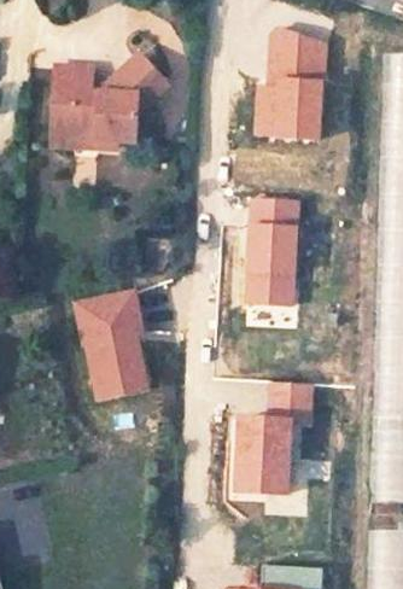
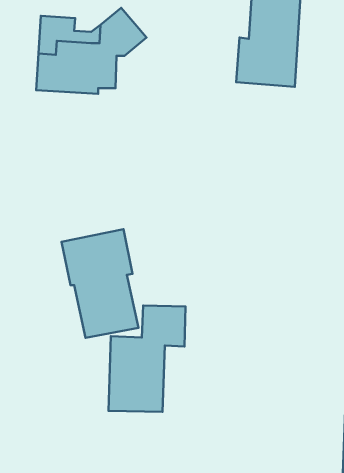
building: [245,199,299,328] -> none
building: [229,381,310,494] -> [109,305,186,412]

